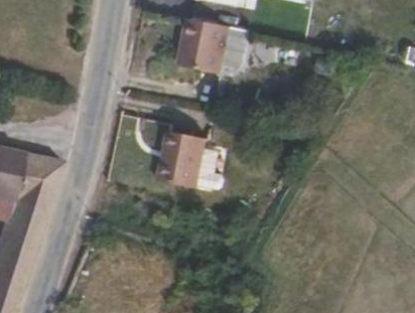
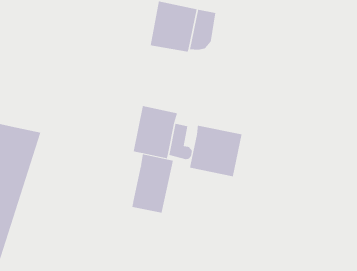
building: none -> [189,125,242,177]
building: none -> [132,154,174,214]

